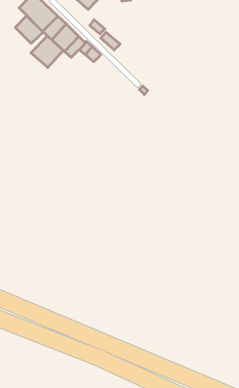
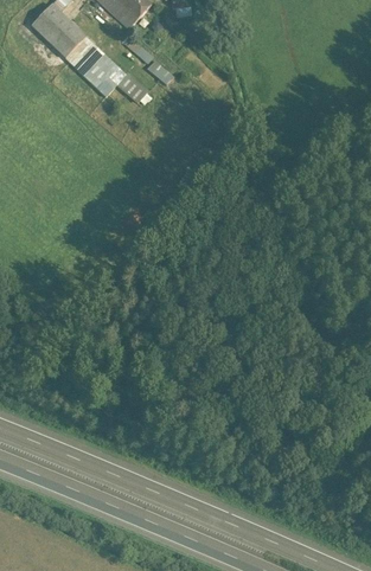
building: [15,16,43,43] -> none
building: [31,36,63,68] -> none

